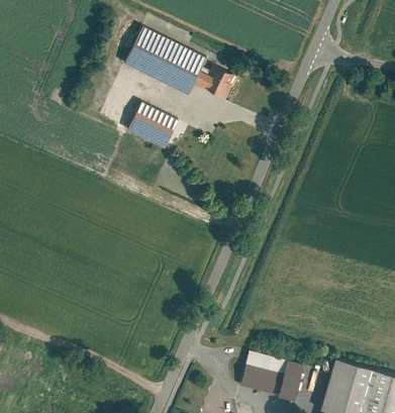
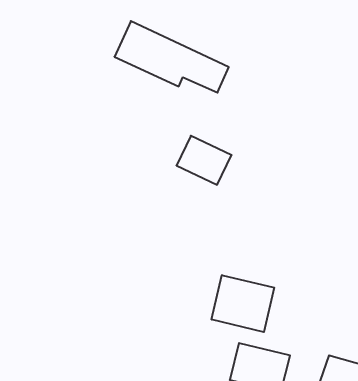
building: [124,102,179,150] -> [176,136,232,185]
building: none -> [212,275,274,332]

